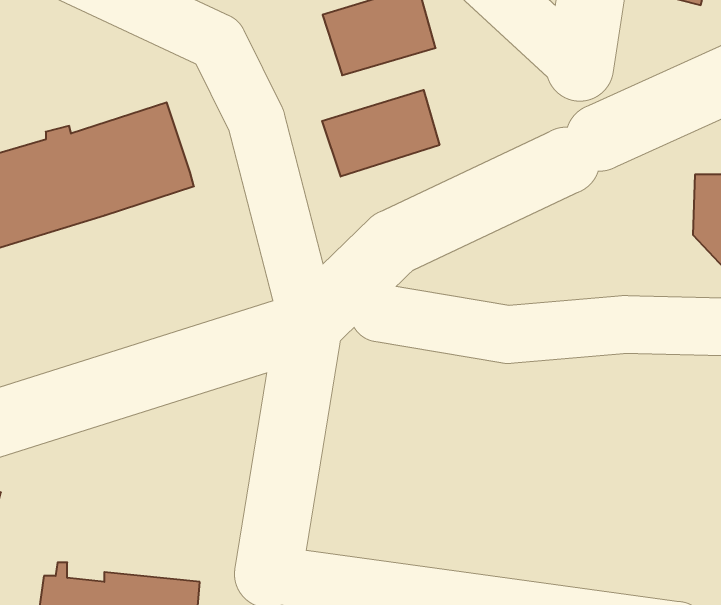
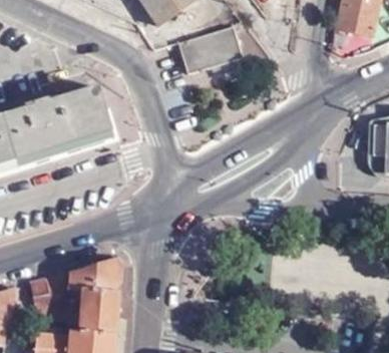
building: [322,90,439,177] -> none
building: none -> [30,257,121,334]

